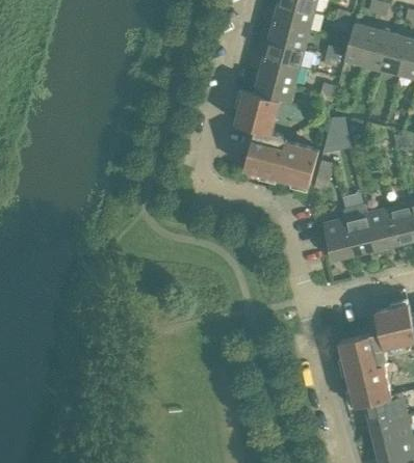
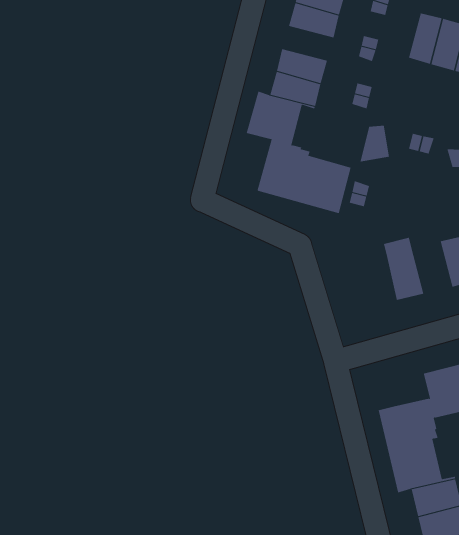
building: [344,24,372,64] -> none
building: [263,39,305,66] -> none
building: [366,209,397,250] -> none
building: [322,219,354,261] -> none

